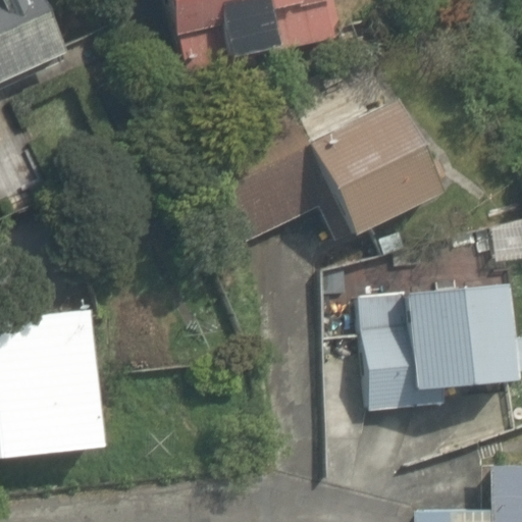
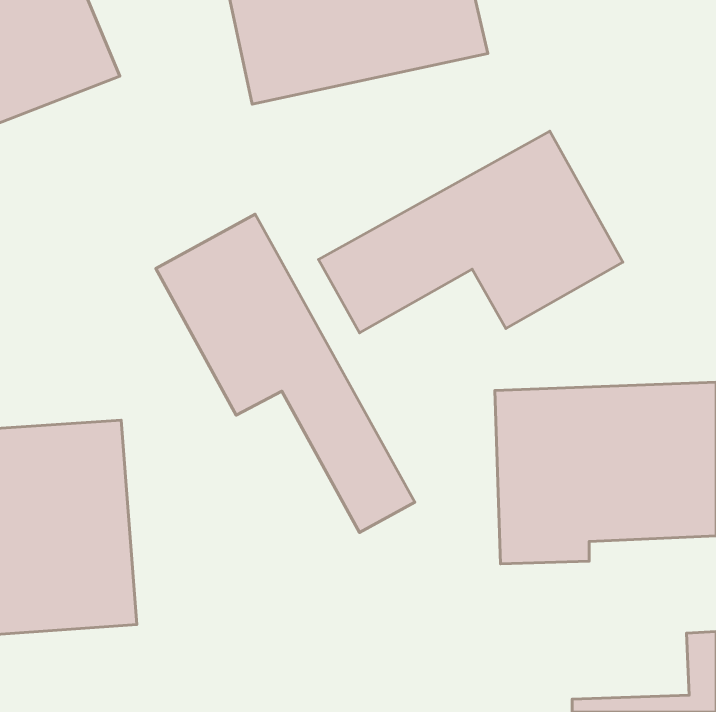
building: none -> [156,214,415,533]

